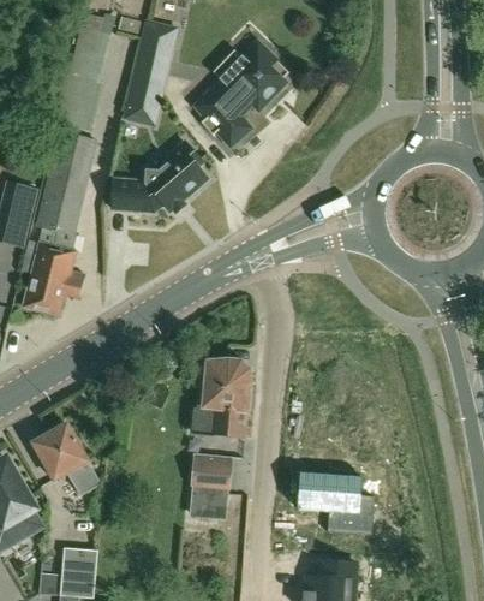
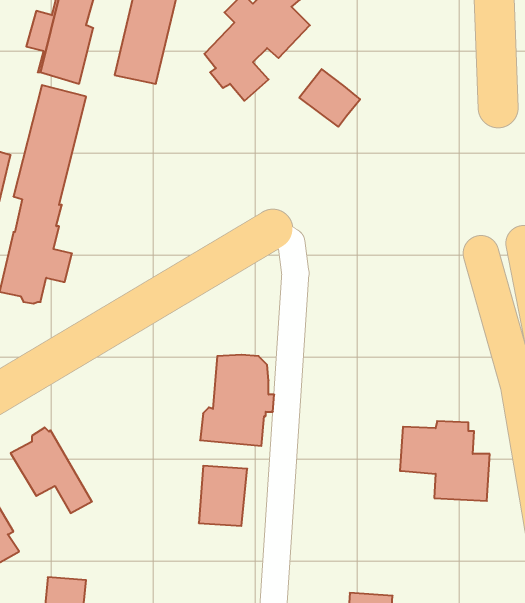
building: none -> [299,69,360,127]
building: [113,142,208,212] -> none
building: [298,468,374,535] -> [400,421,490,501]

